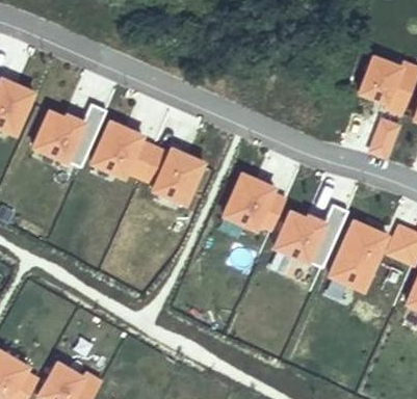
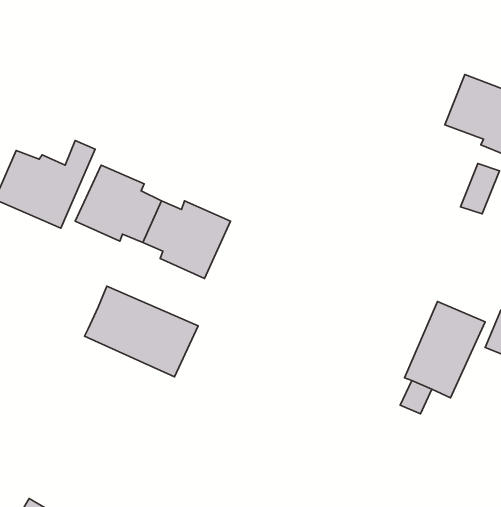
building: [224,172,286,229] -> none
building: [275,203,347,267] -> none
building: none -> [85,286,198,377]

